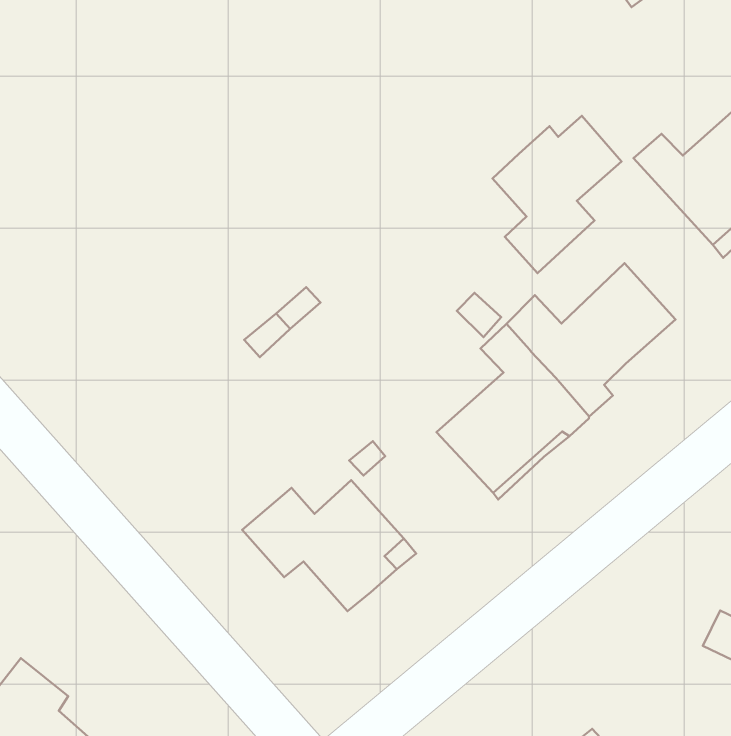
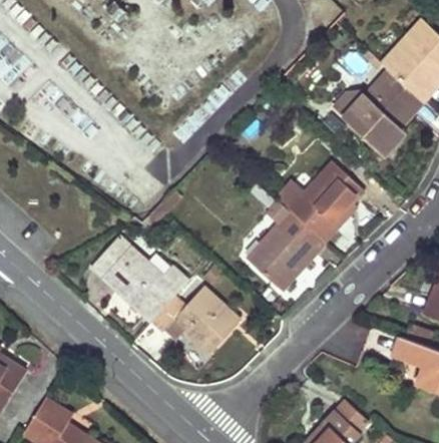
building: [492,116,621,273] -> none
building: none -> [93,238,187,322]

